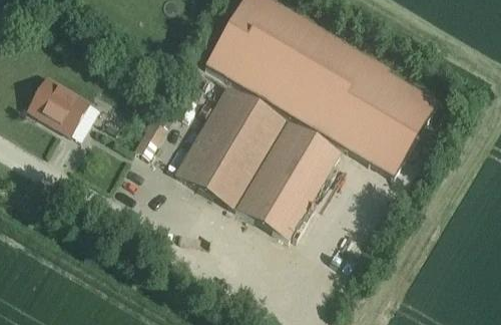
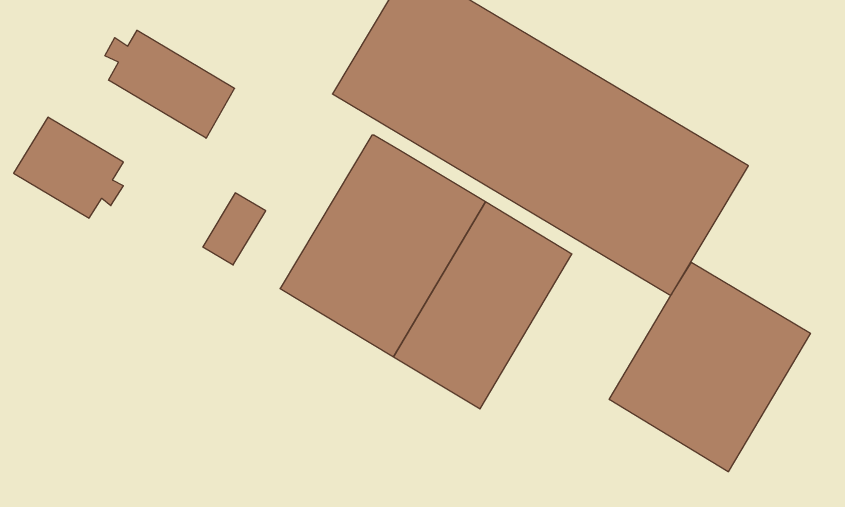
building: none -> [105,30,235,138]
building: none -> [609,263,810,472]

